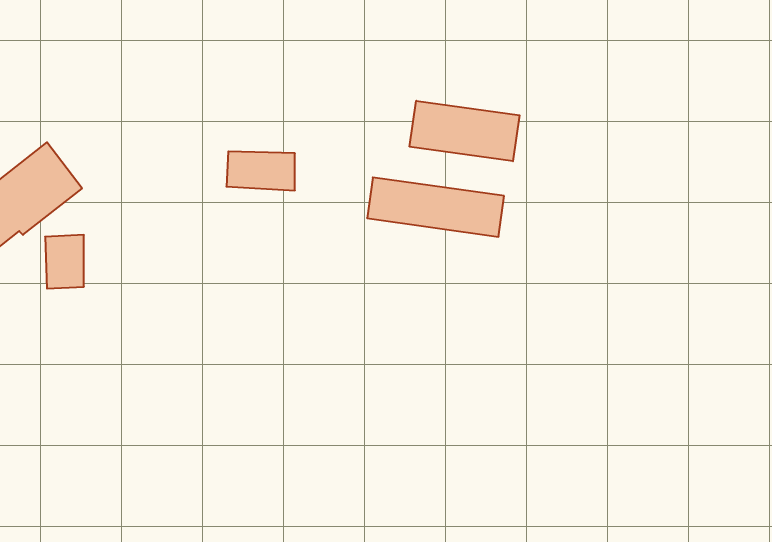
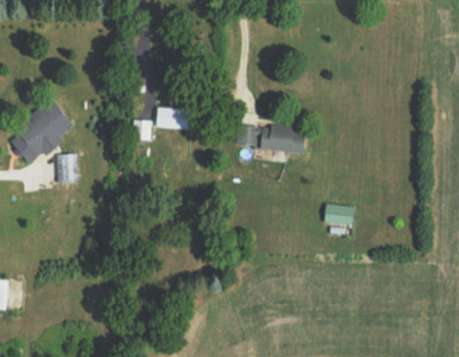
building: [410,101,520,161] -> none
building: none -> [324,204,354,224]

